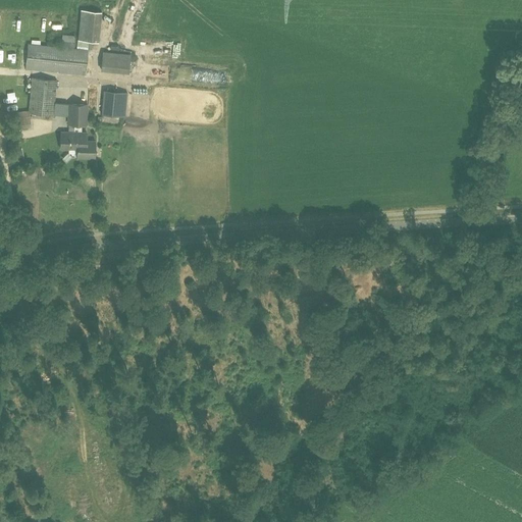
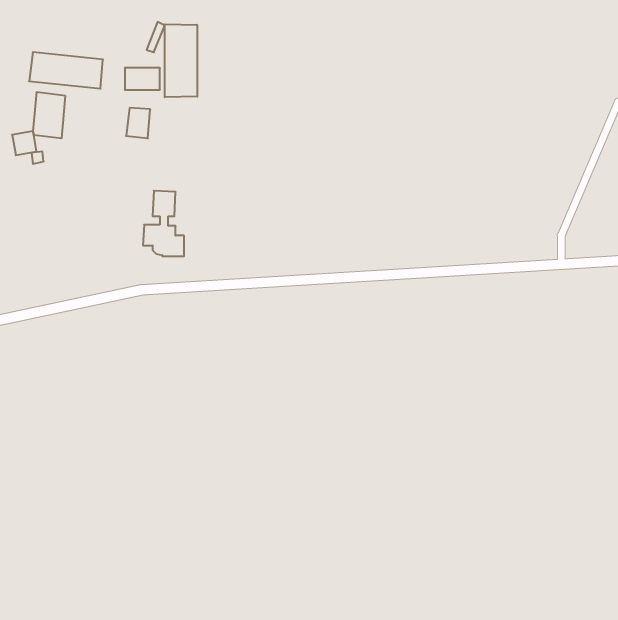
building: [81,10,103,41] -> none
building: none -> [165,24,197,97]
building: [59,103,94,158] -> [143,191,184,256]

